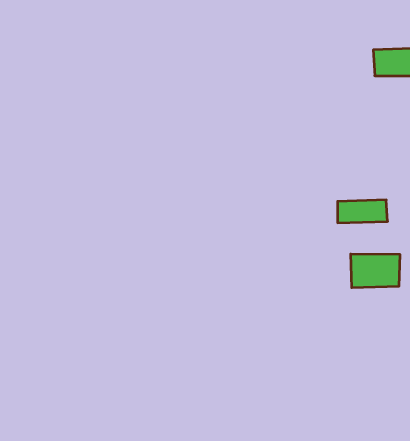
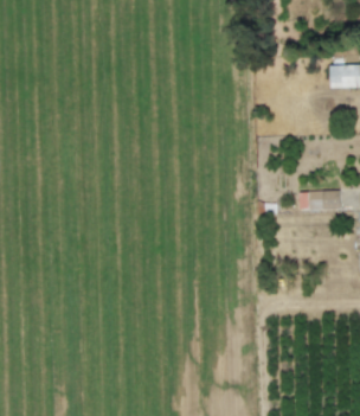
building: [351,254,400,288] -> none

